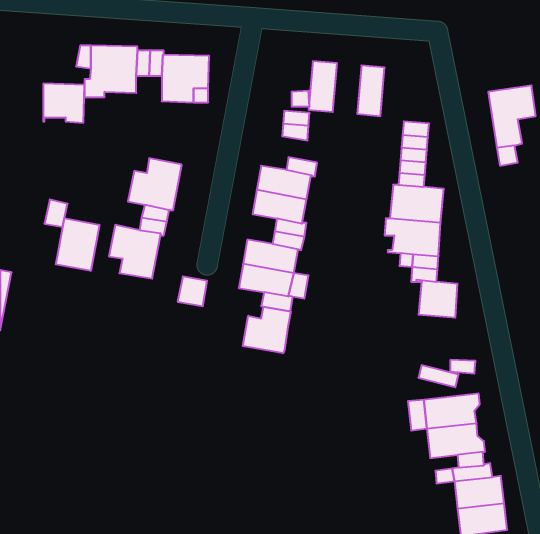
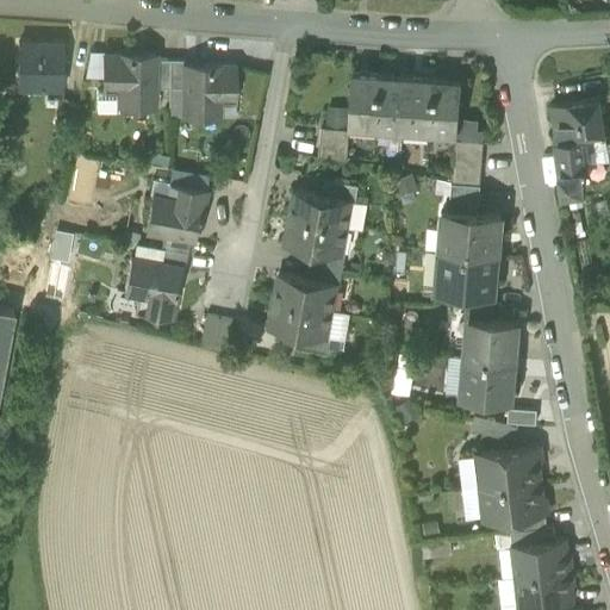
building: none -> [375,77,407,135]
building: none -> [429,82,461,139]
building: [43,84,85,123] -> [17,46,63,91]
building: [56,218,99,271] -> none
building: [243,307,291,353] -> none
building: none -> [463,361,513,403]

